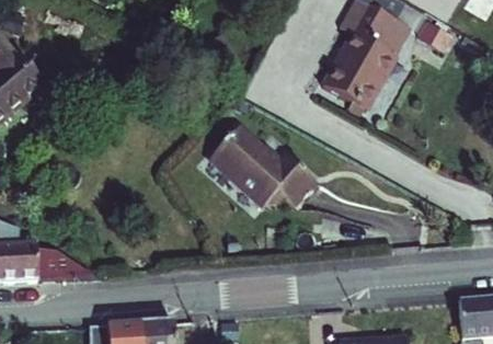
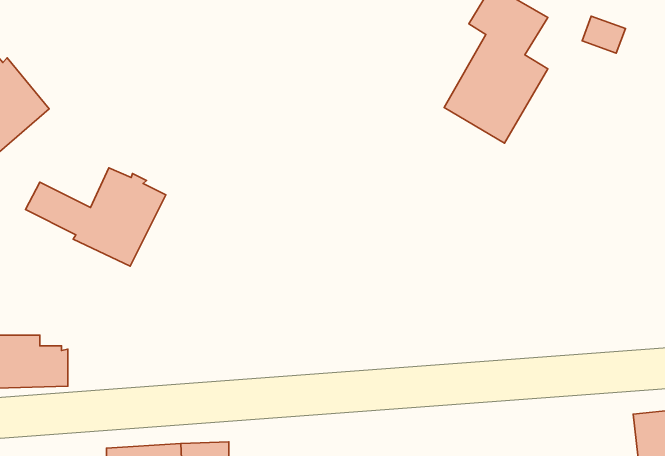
building: [209,124,318,207] -> none
building: none -> [25,168,166,266]

